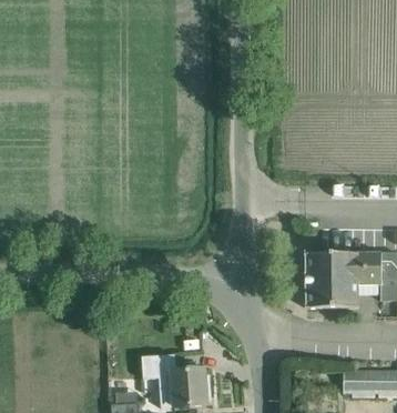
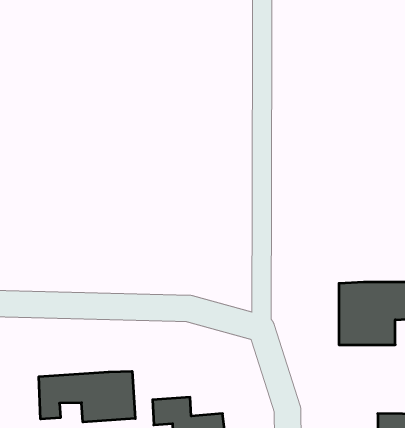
building: none -> [39,371,135,422]

